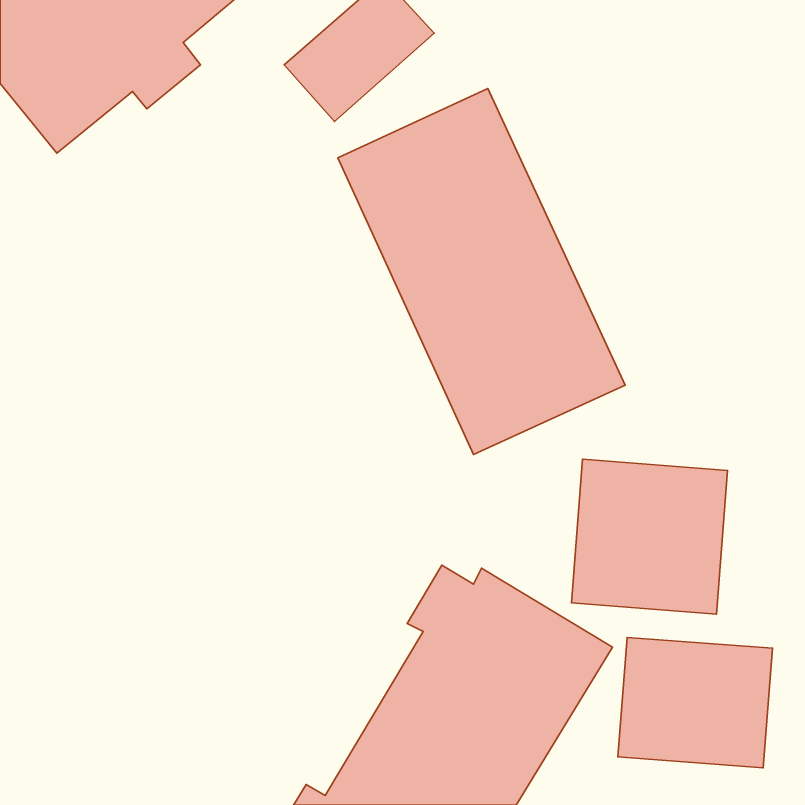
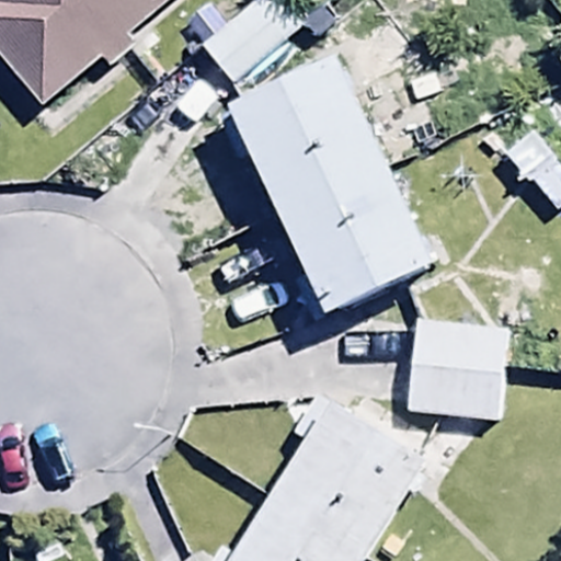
building: [618,637,772,768] -> none

